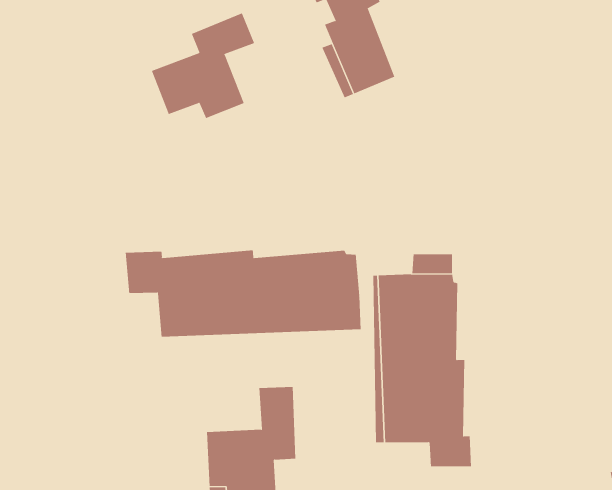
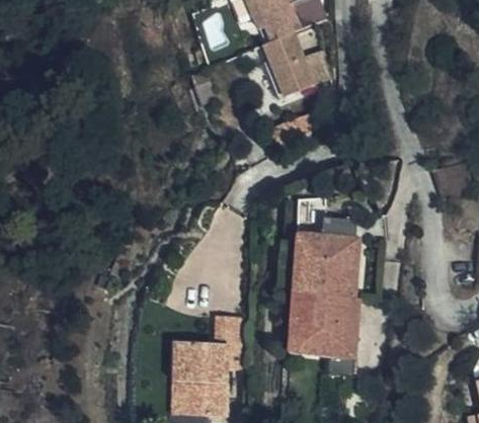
building: [151,13,255,119] -> none
building: [125,250,361,338] -> none

